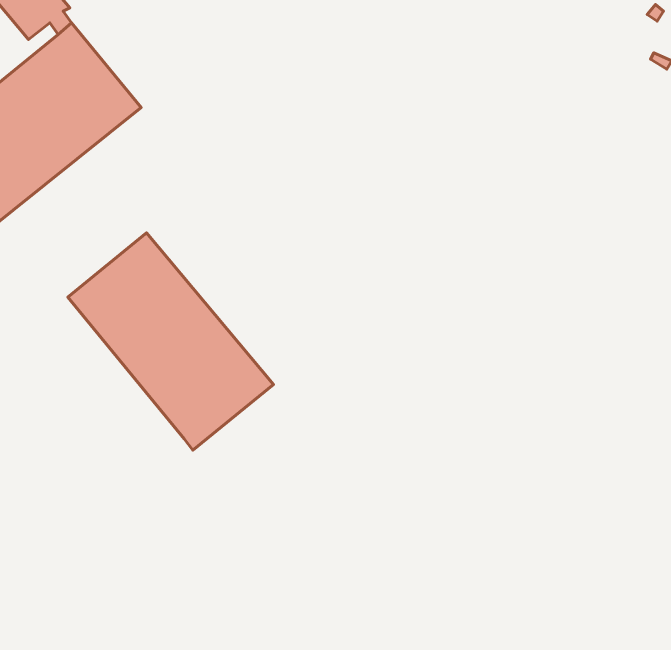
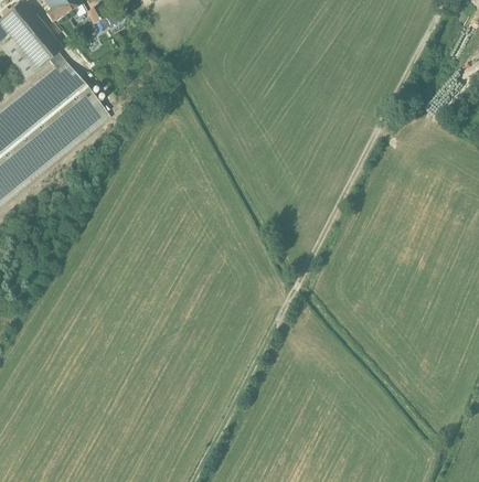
building: [68,233,273,450] -> none

